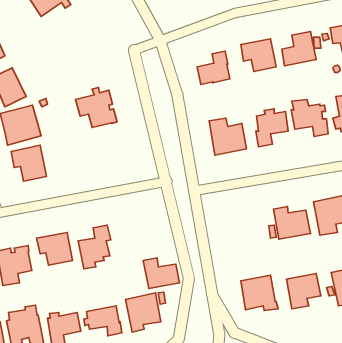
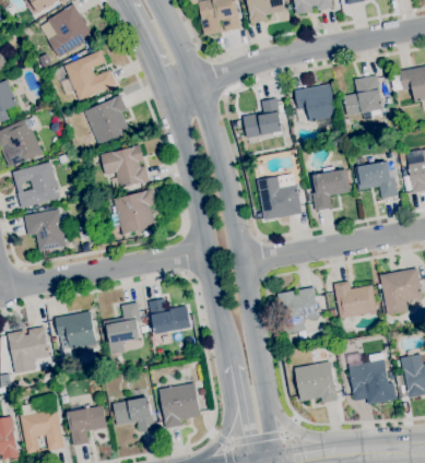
building: none -> [61,49,117,100]
building: none -> [84,94,130,144]
building: none -> [111,189,156,234]
building: none -> [278,287,319,334]
building: [143,258,179,288] -> [149,298,191,334]

